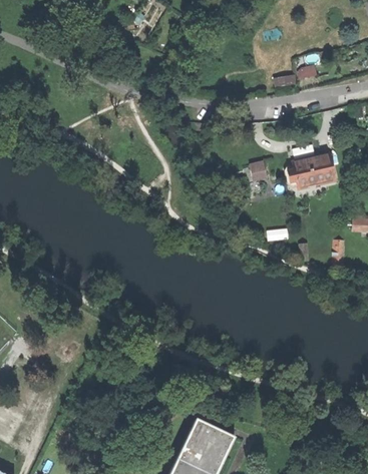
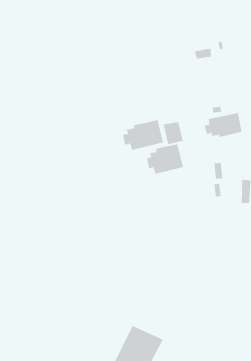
building: none -> [123,119,164,151]
building: none -> [146,144,184,175]

